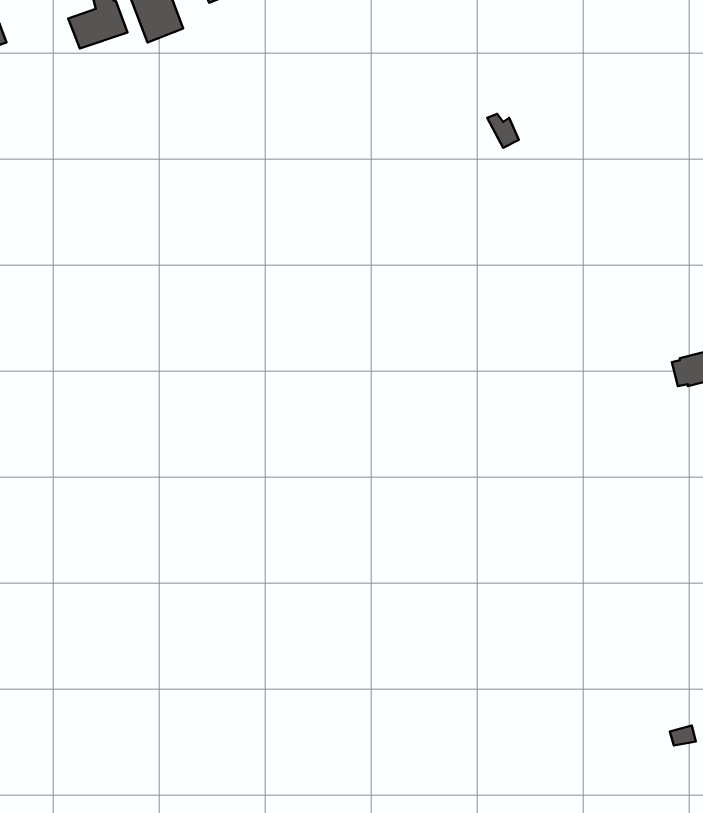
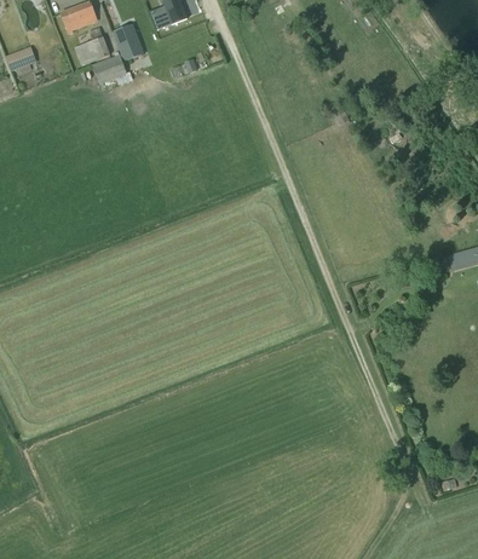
building: none -> [92,54,132,85]

